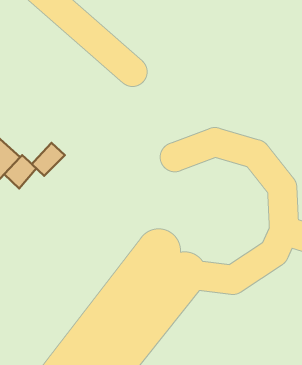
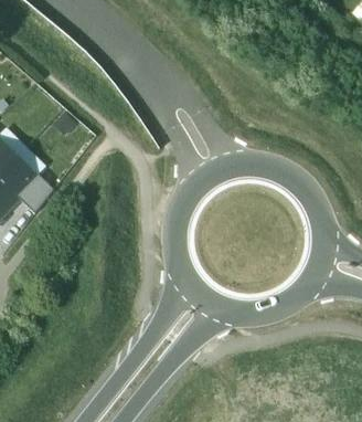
building: [32,143,65,176] -> none

